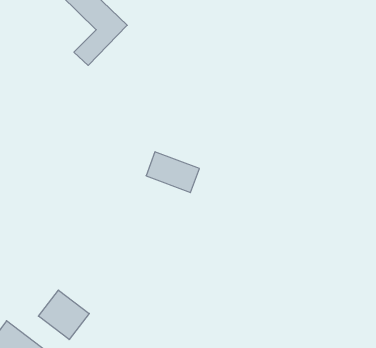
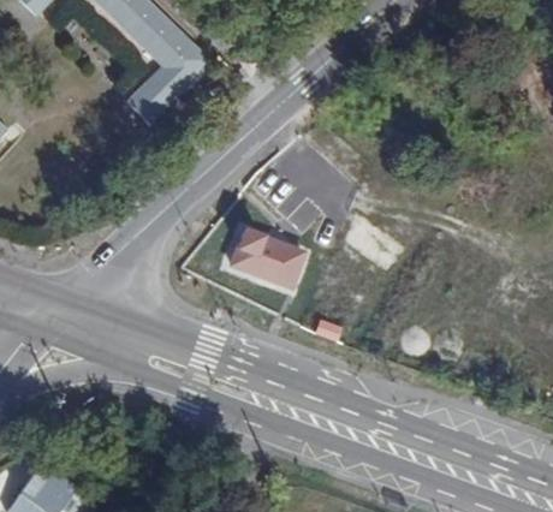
building: [38,290,89,340] -> none

